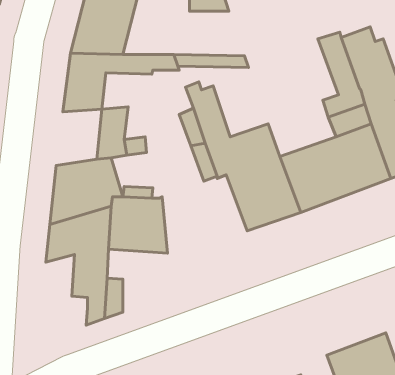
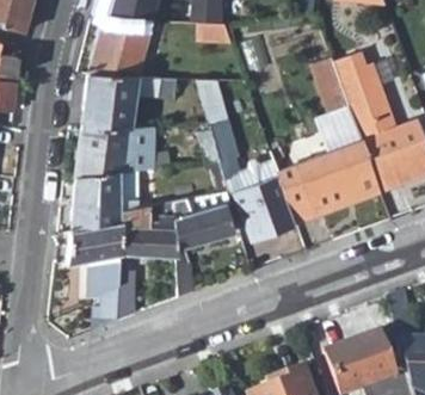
building: none -> [76,128,118,179]
building: none -> [173,203,232,297]

